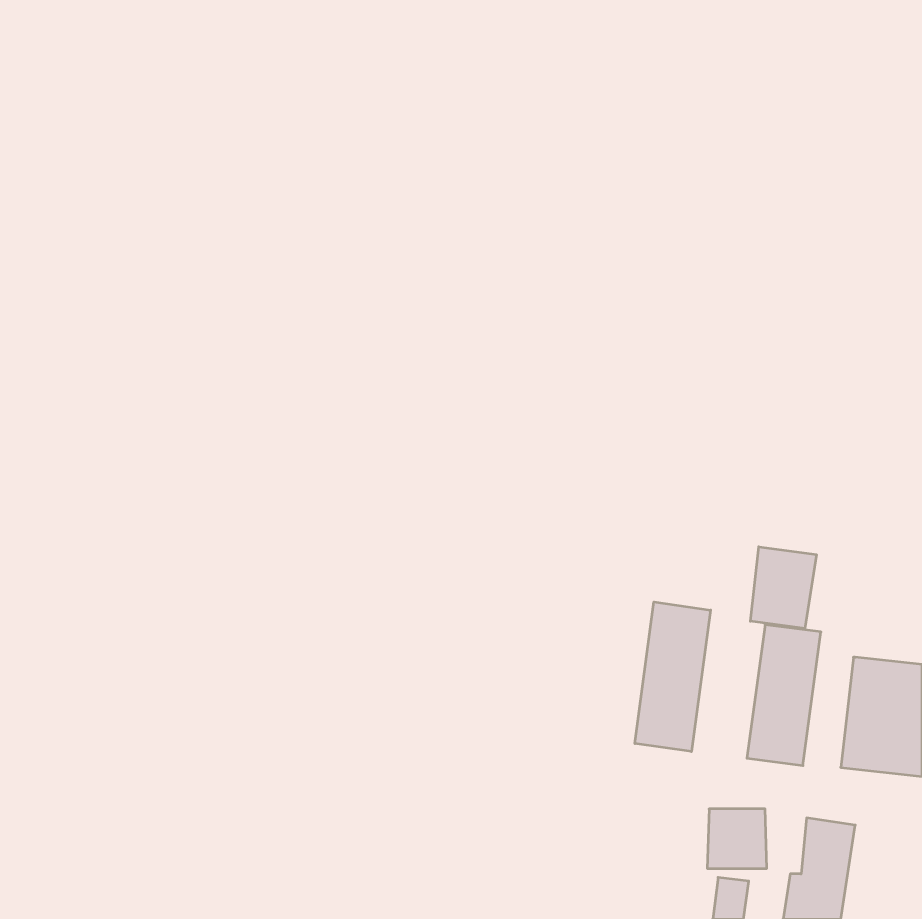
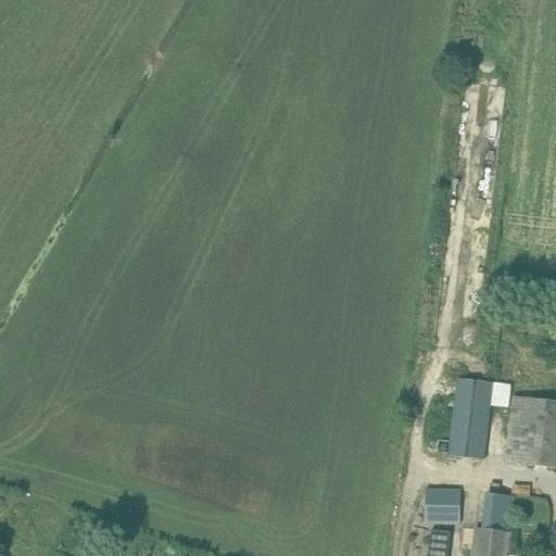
building: [750,547,816,629] -> none
building: [635,602,711,752] -> none

